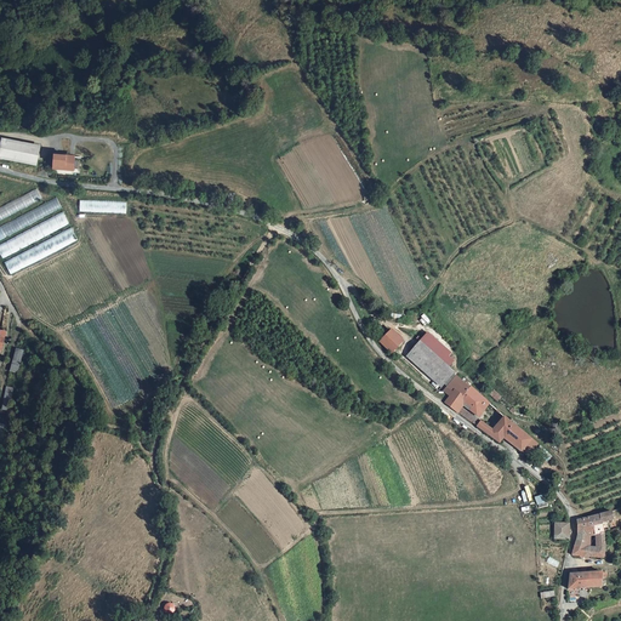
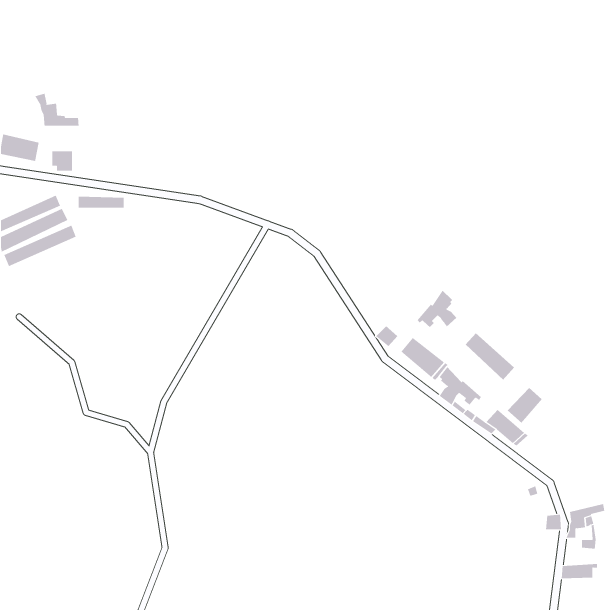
building: none -> [35,93,79,127]
building: none -> [417,290,457,328]
building: none -> [465,333,515,381]
building: none -> [507,387,543,423]

